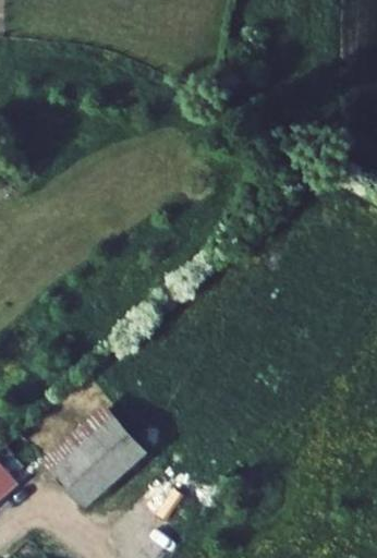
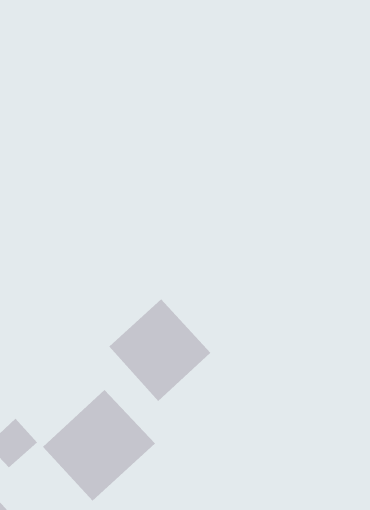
building: none -> [108,299,211,402]

